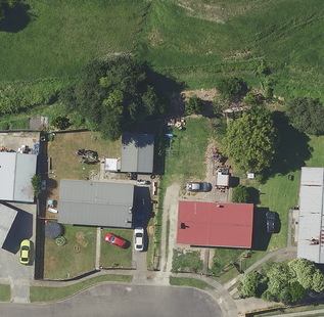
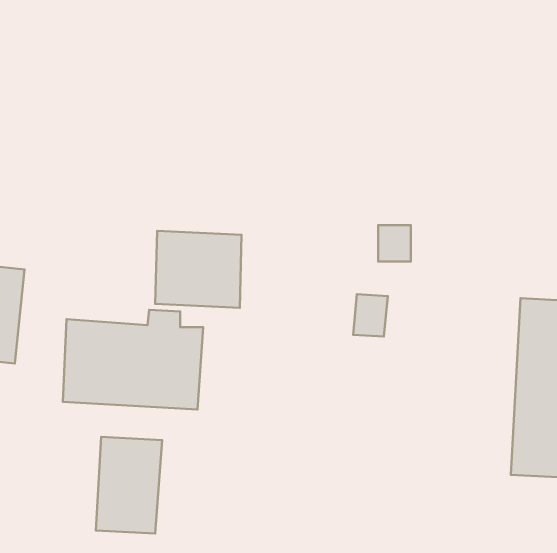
building: [178,202,251,248] -> none
building: none -> [96,437,162,534]

